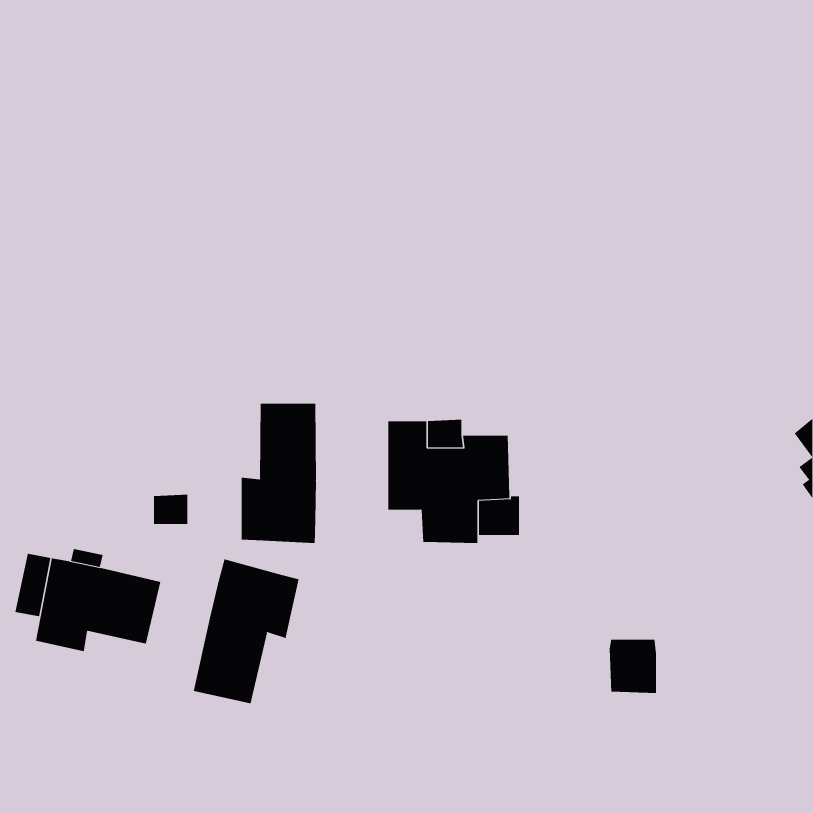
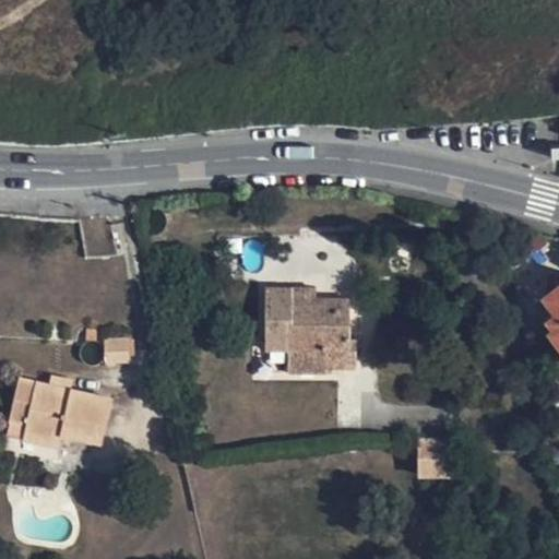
building: [241,403,316,544] -> none
building: [193,558,299,704] -> none

